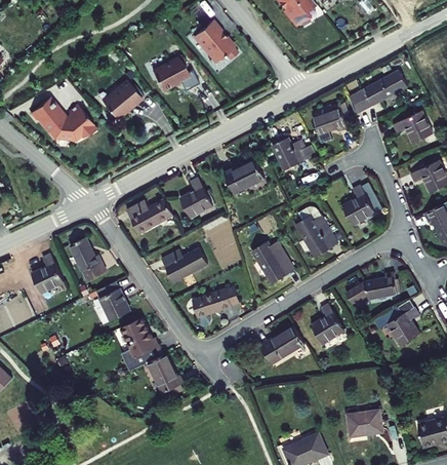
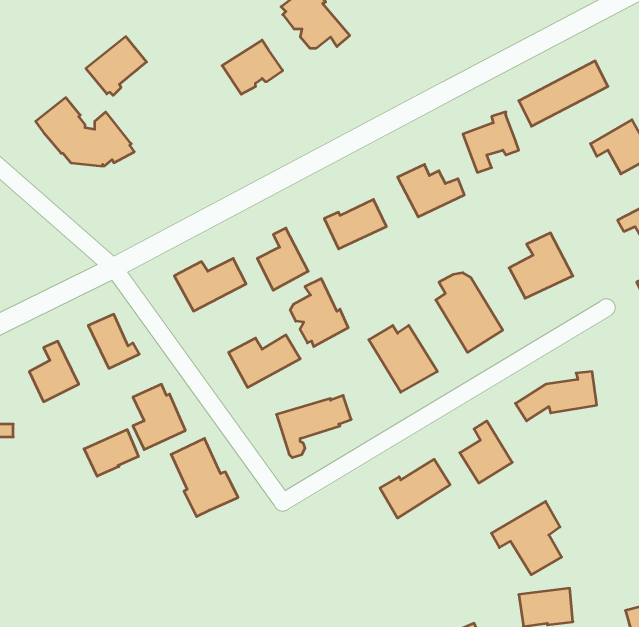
building: [108,81,147,119] -> [86,37,147,95]
building: none -> [290,279,348,347]
building: [374,300,419,347] -> [491,501,562,575]
building: none -> [84,430,138,476]
building: [149,352,185,397] -> none

